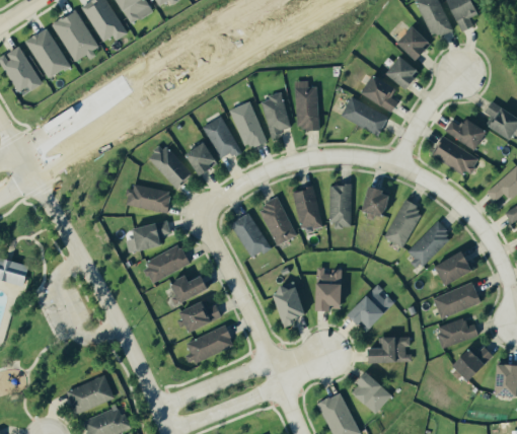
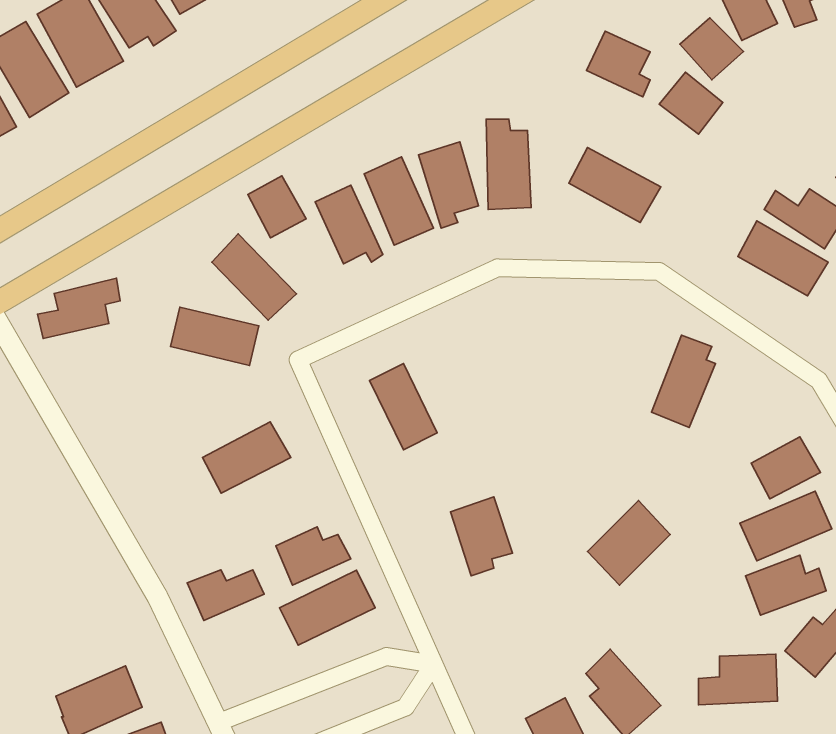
building: [363,75,397,111] -> [586,31,650,97]
building: [188,142,219,175] -> [248,176,306,238]
building: [327,186,352,228] -> none
building: [291,188,322,230] -> none
building: [364,188,391,217] -> none
building: [260,199,294,245] -> none
building: [125,221,169,254] -> [37,278,120,338]
building: [403,222,452,268] -> none
building: [318,268,344,311] -> none
building: [169,276,211,303] -> [187,570,264,620]
building: [367,337,410,364] -> [699,654,778,705]

